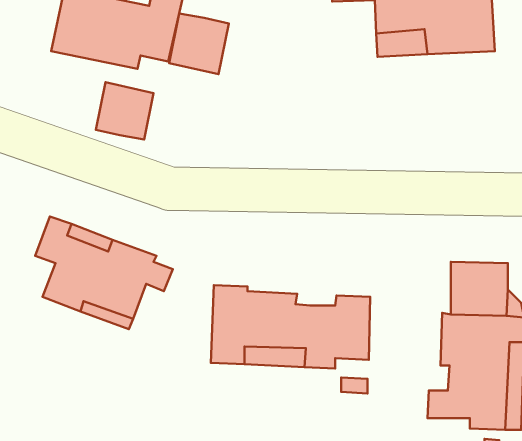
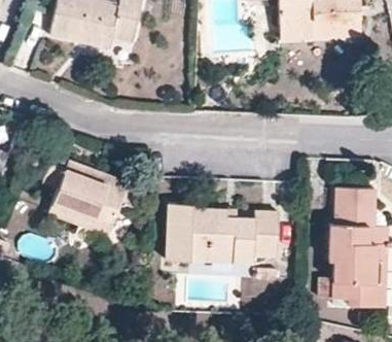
building: [169,14,229,74] -> none
building: [96,82,154,140] -> none

